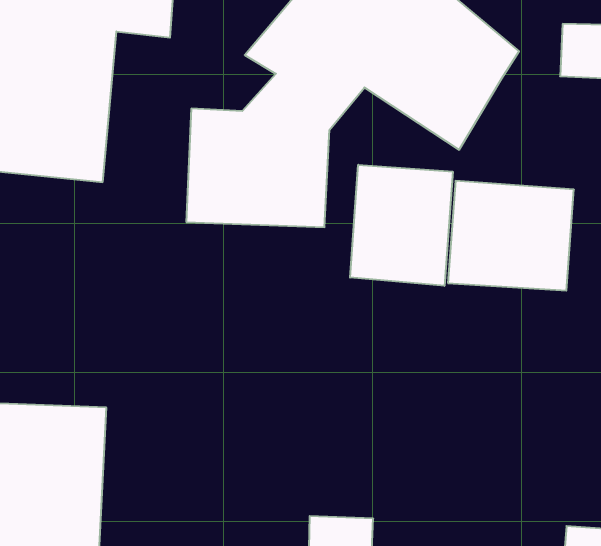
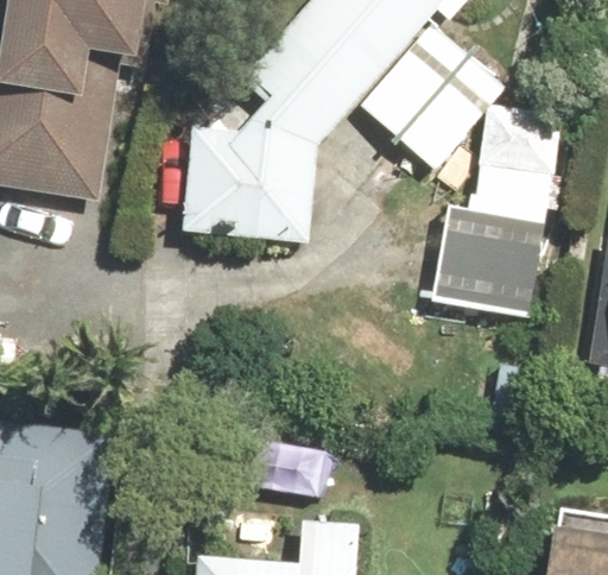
building: none -> [467,103,564,209]
building: [350,165,453,286] -> none

